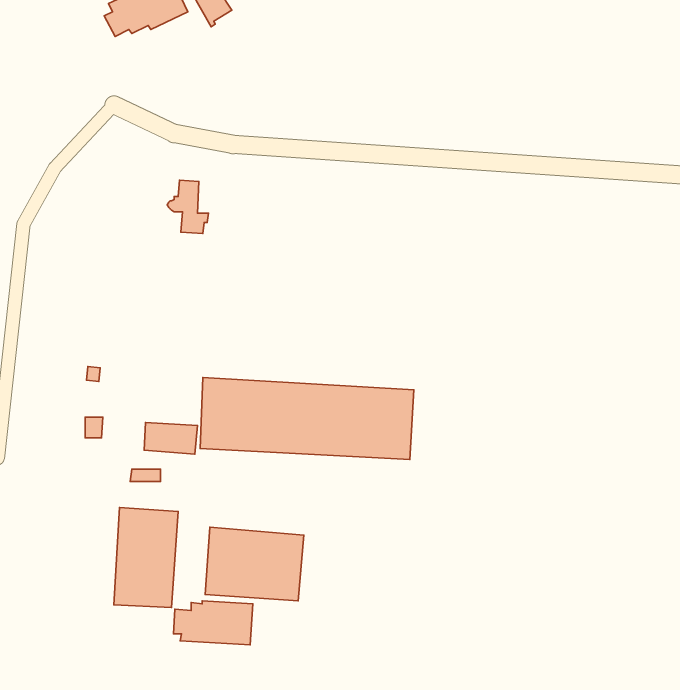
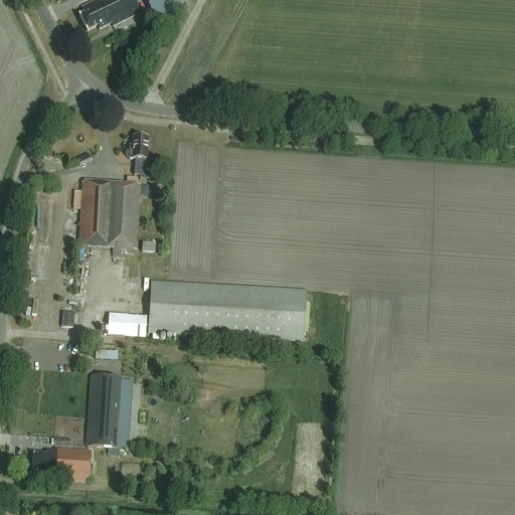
building: none -> [73,177,146,247]
building: [205,527,304,601] -> none
building: [173,601,253,645] -> [32,447,91,479]

